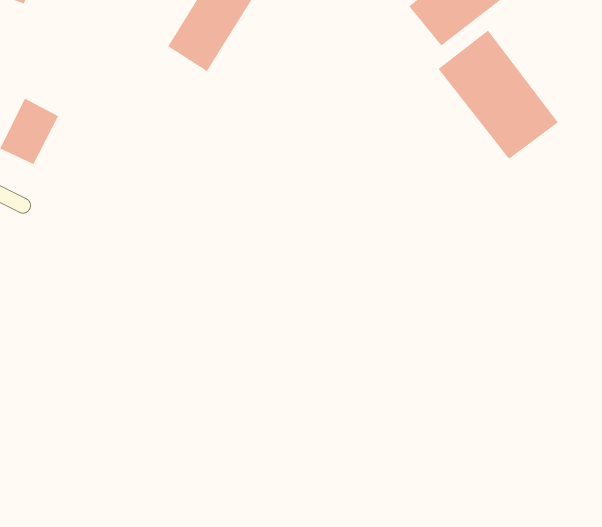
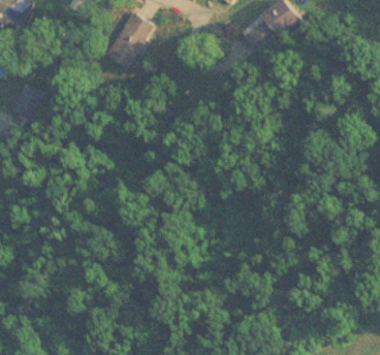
building: [438,29,559,160] -> none

